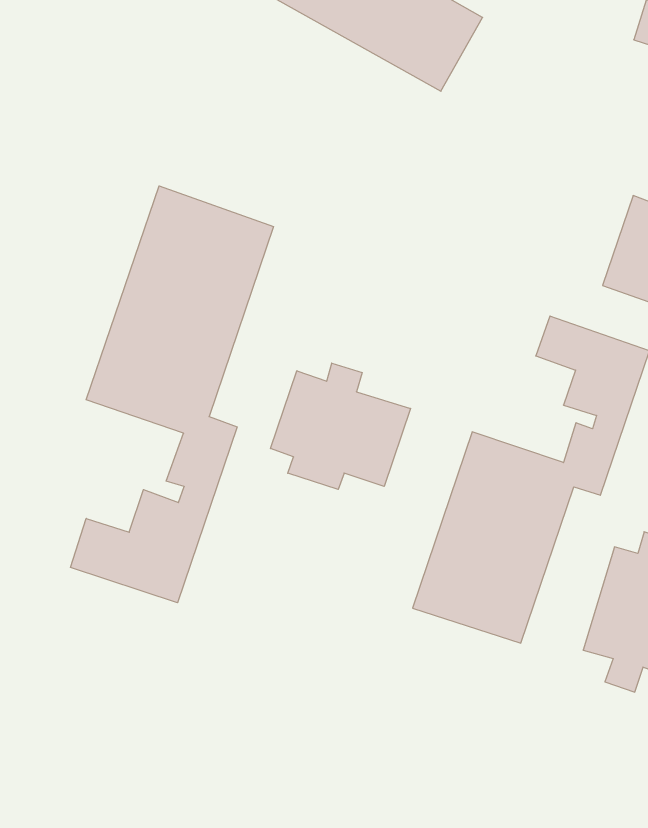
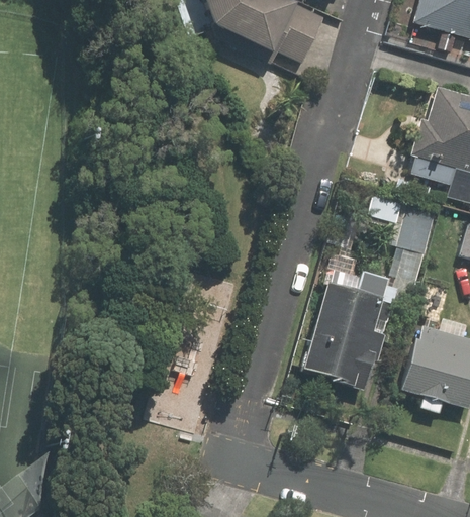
building: [70,186,274,603] -> none
building: [271,363,411,489] -> none

